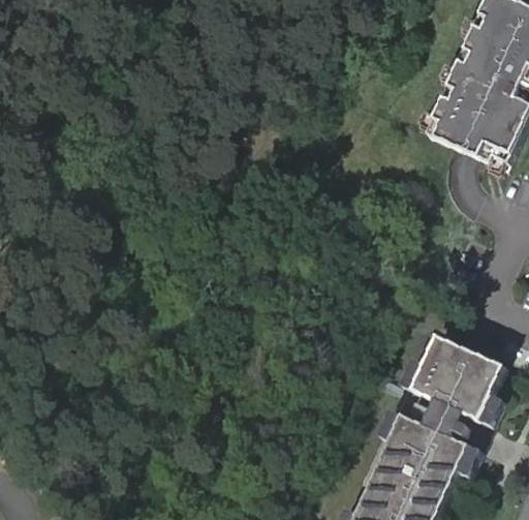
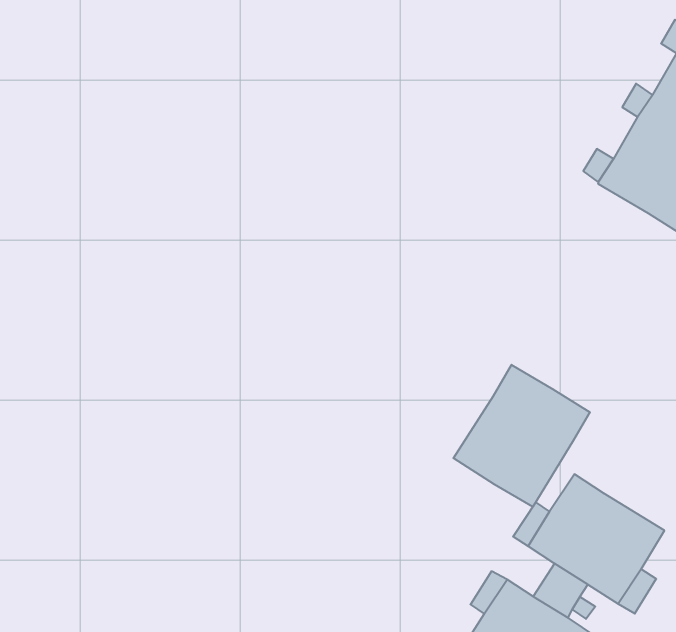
building: none -> [453,365,590,507]

